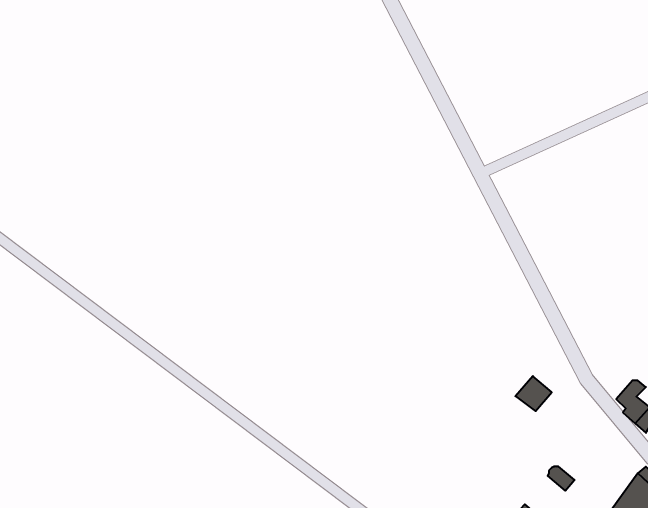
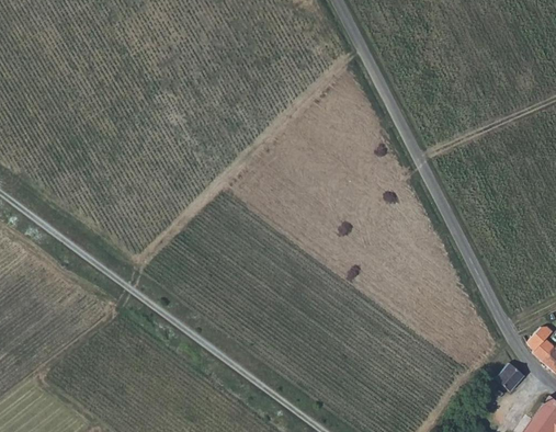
building: [515,376,552,411] -> [495,363,524,391]

